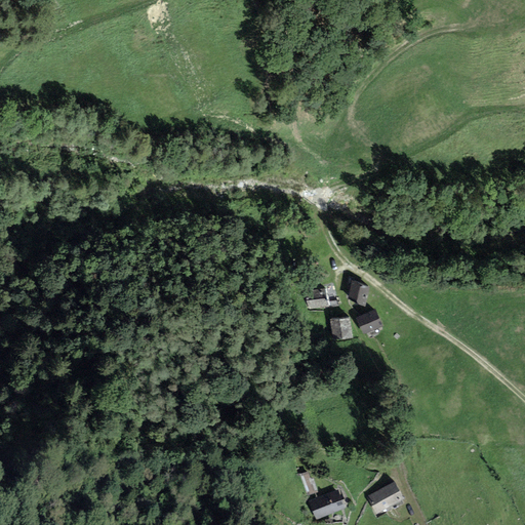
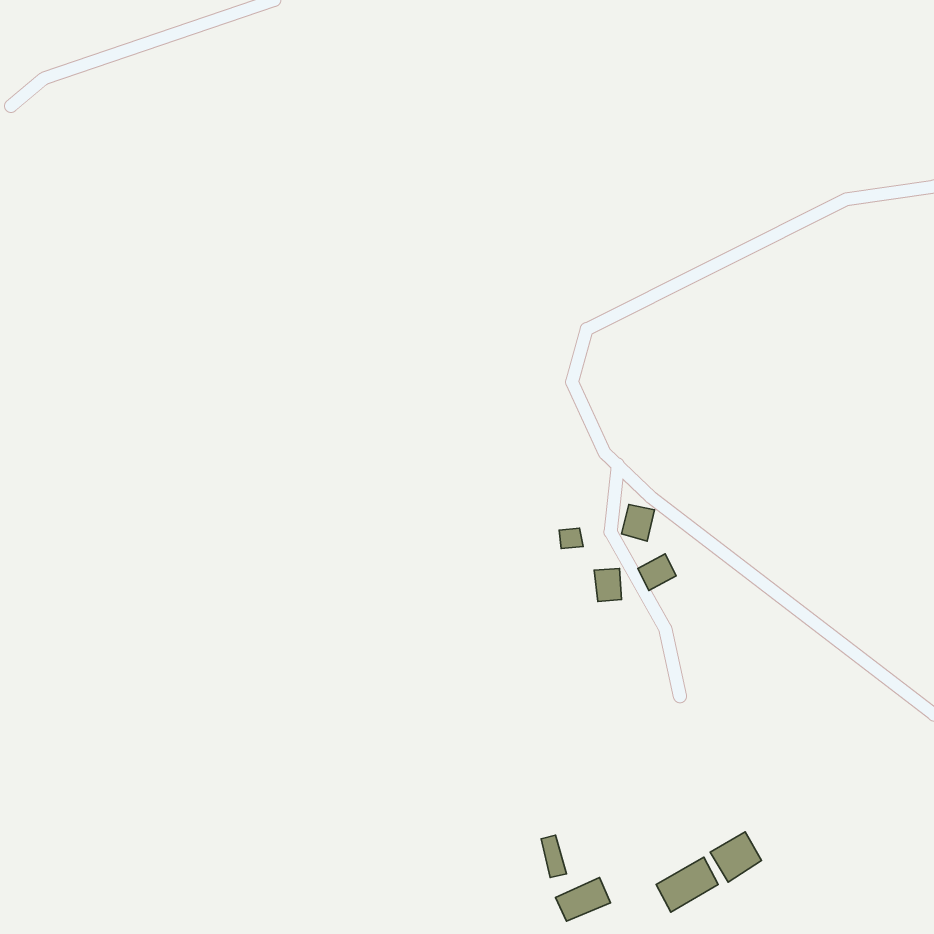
building: none -> [710,832,762,882]

